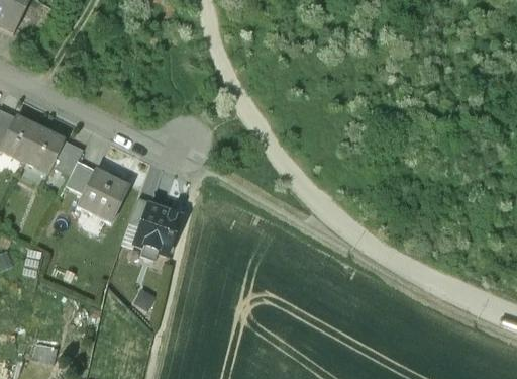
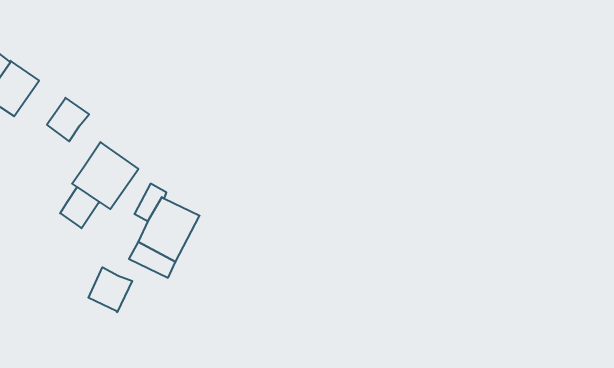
building: [24,129,62,171] -> none
building: [66,160,95,191] -> [60,187,100,228]
building: none -> [88,267,132,312]

